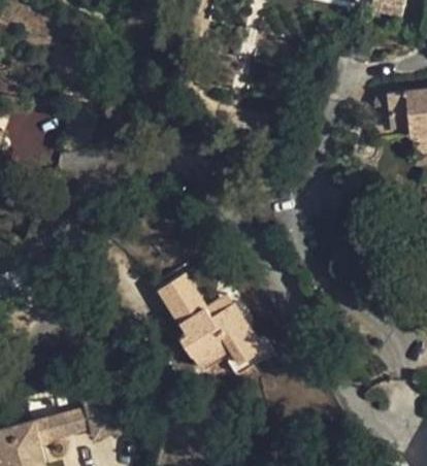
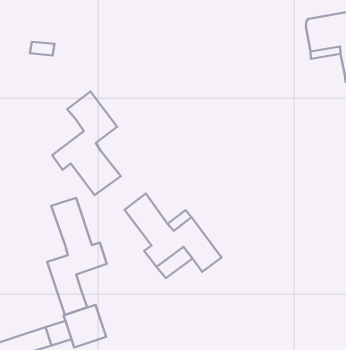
building: none -> [52,91,121,195]
building: none -> [47,198,107,315]

